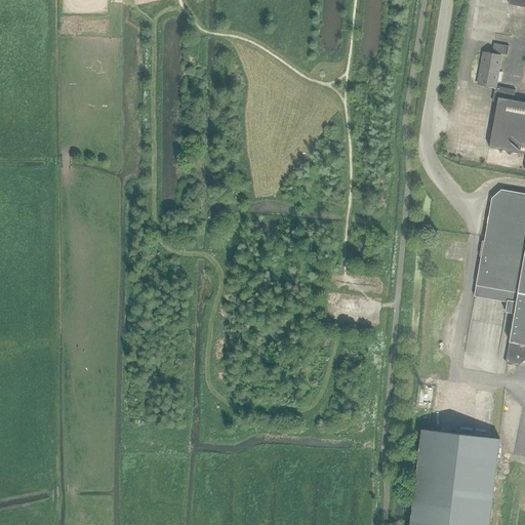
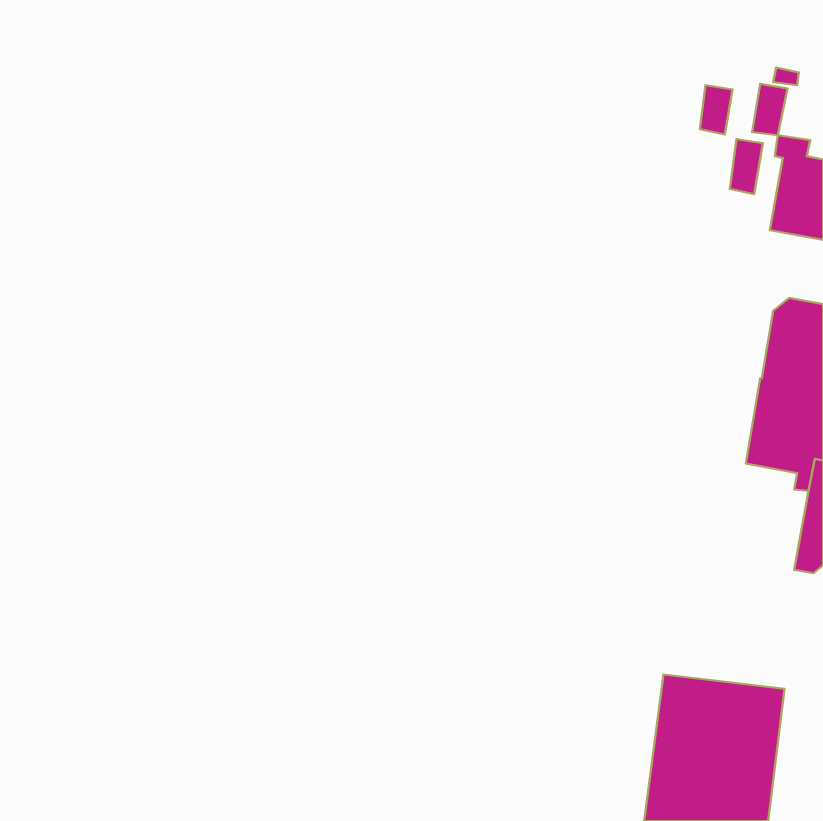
building: none -> [700,85,732,134]
building: none -> [730,139,763,194]

